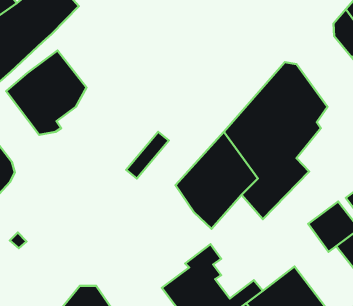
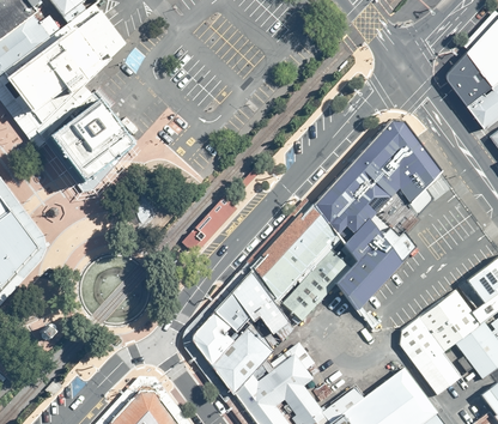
building: none -> [193,267,287,394]
building: none -> [387,315,458,394]

